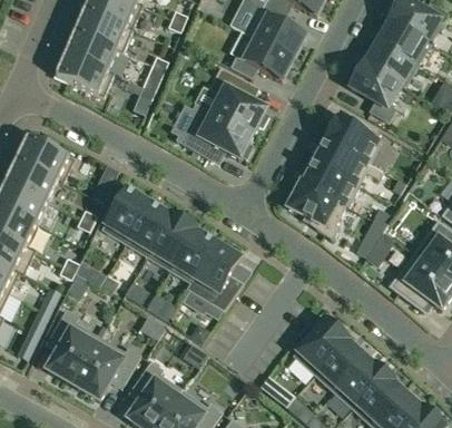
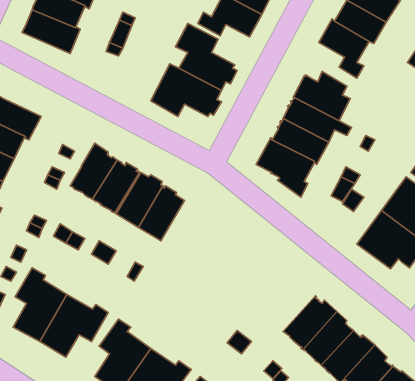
building: [187,243,244,311] -> none
building: [294,318,346,373] -> none

